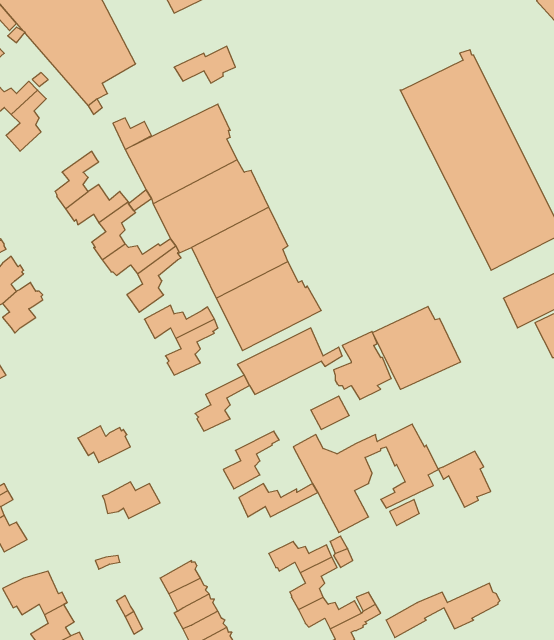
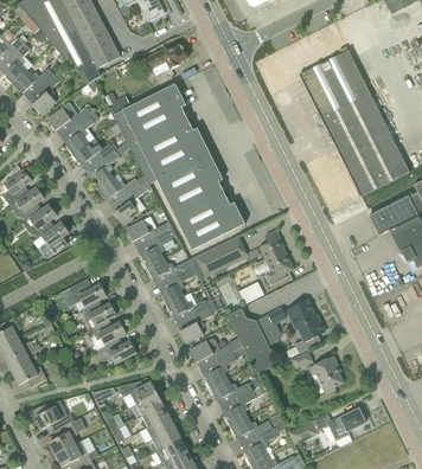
building: none -> [46,101,91,130]
building: [373,306,461,389] -> none
building: none -> [41,221,69,257]
building: none -> [146,258,193,280]
building: none -> [69,277,107,307]
building: none -> [166,296,213,317]
building: [438,451,491,507] -> [308,355,344,393]
building: none -> [91,320,126,348]
building: none -> [204,346,247,387]
building: none -> [119,380,158,404]

